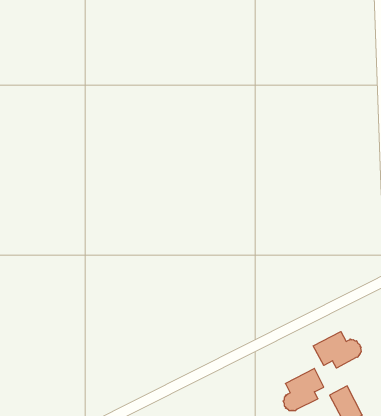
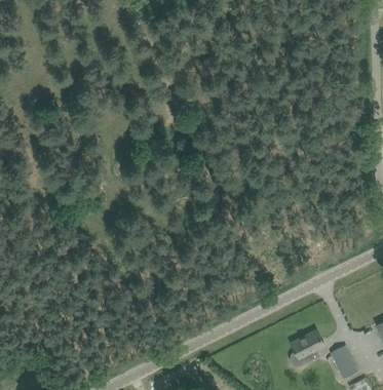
building: [313,332,361,368] -> none

